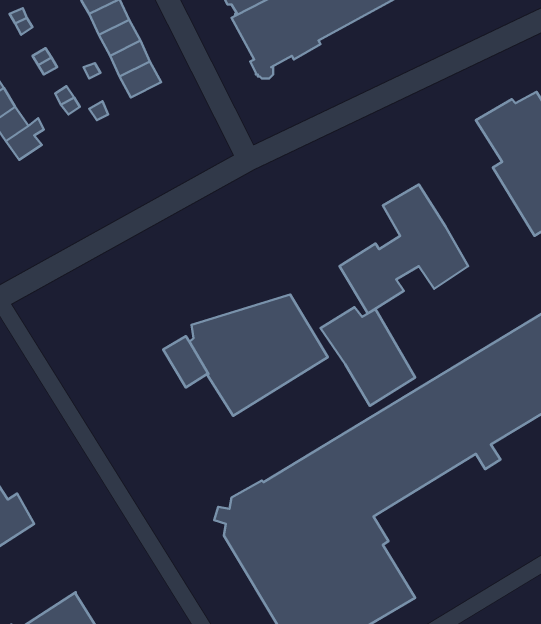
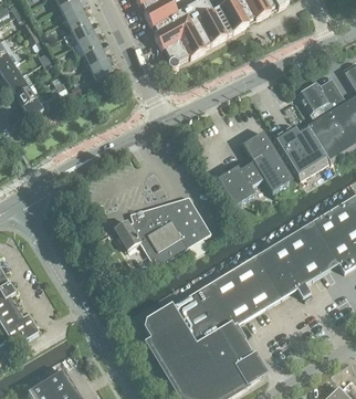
building: [320,307,415,406] -> [272,123,327,180]

